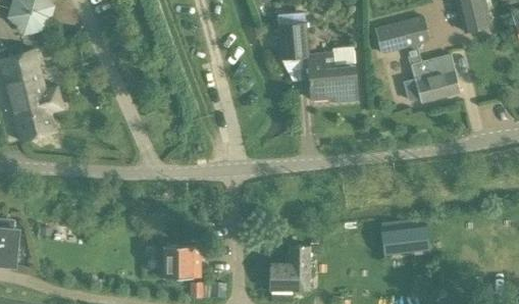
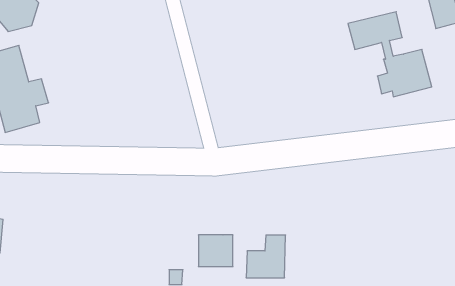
building: [278,24,357,101] -> none
building: [382,223,429,257] -> none
building: [165,245,201,277] -> [198,235,233,267]

